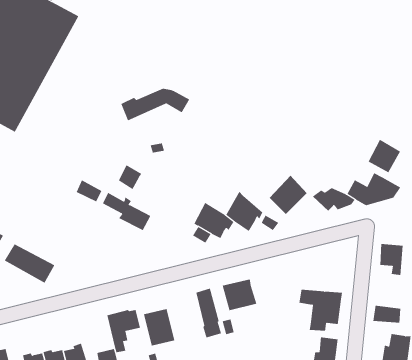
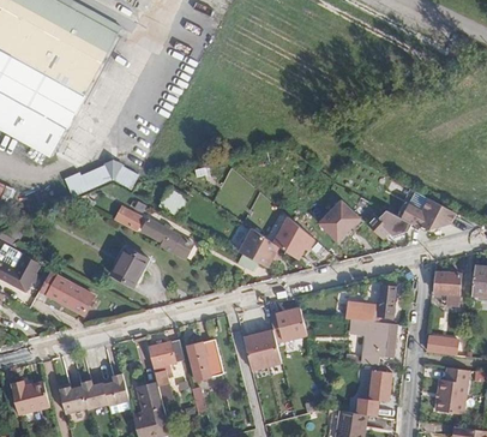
building: [121,88,190,121] -> [65,162,138,197]
building: [368,139,401,173] -> none
building: none -> [110,246,149,286]
building: none -> [345,288,397,322]

